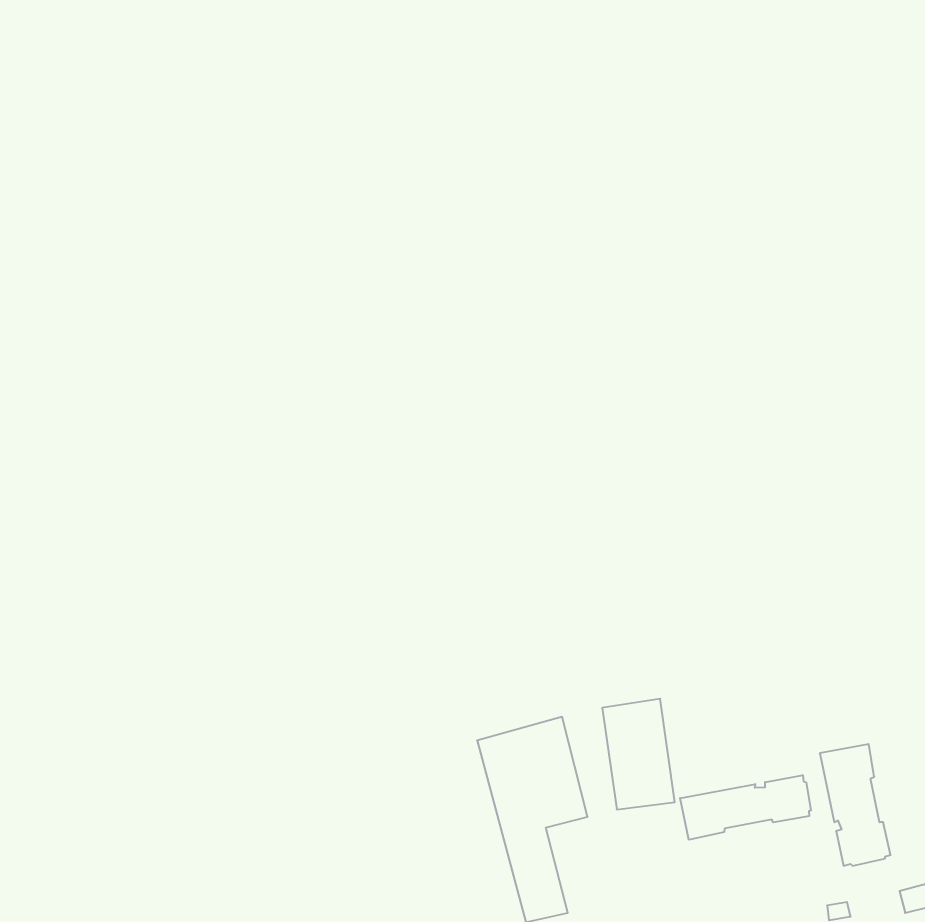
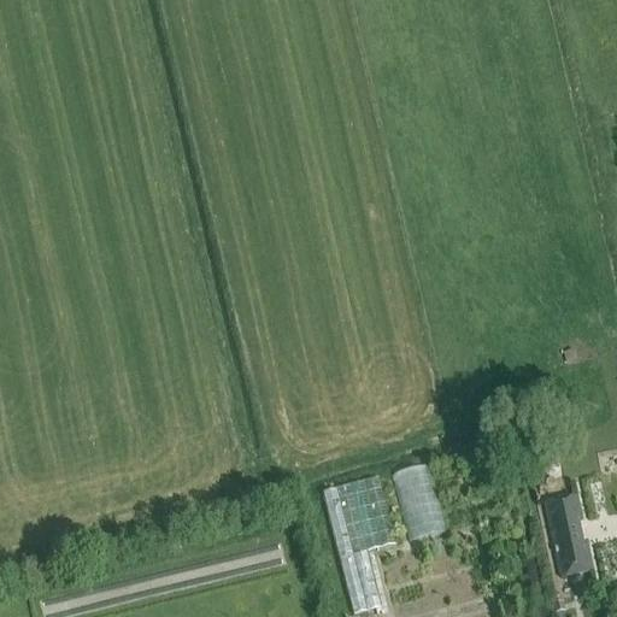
building: [680,775,811,840] -> none

